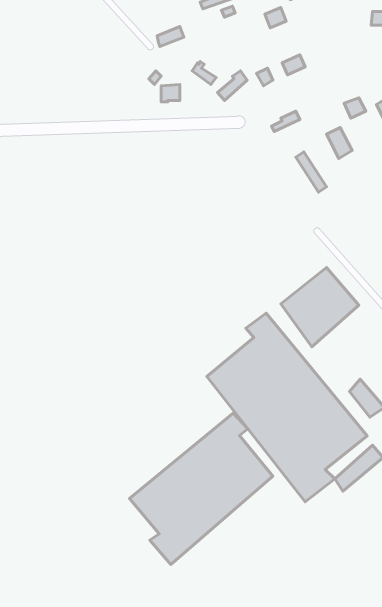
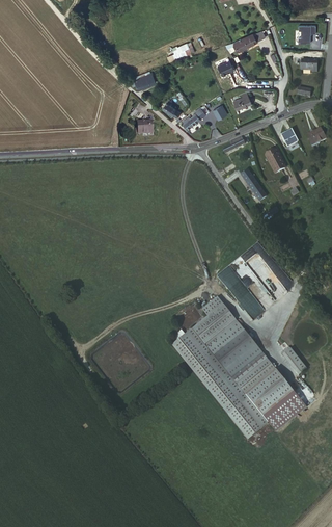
building: [129,413,273,564] -> none

